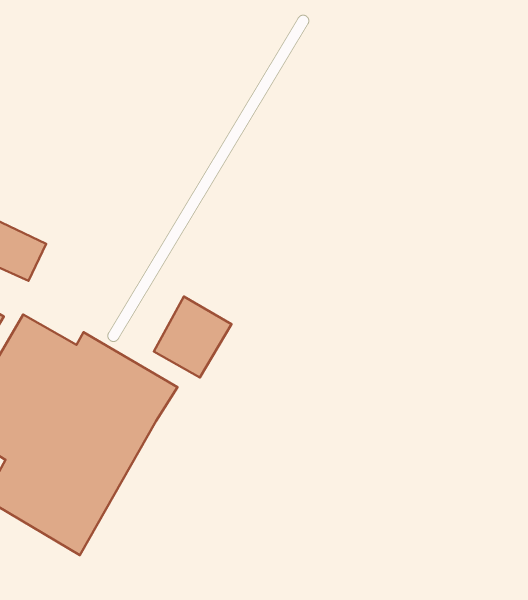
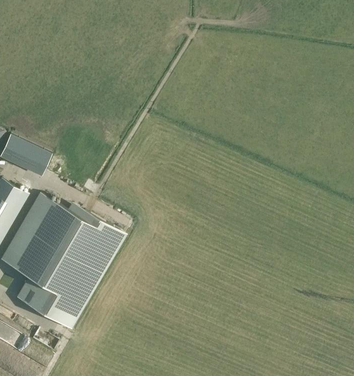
building: [154,296,231,378] -> none

